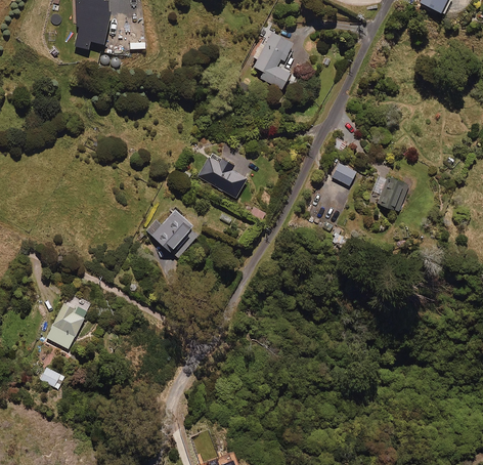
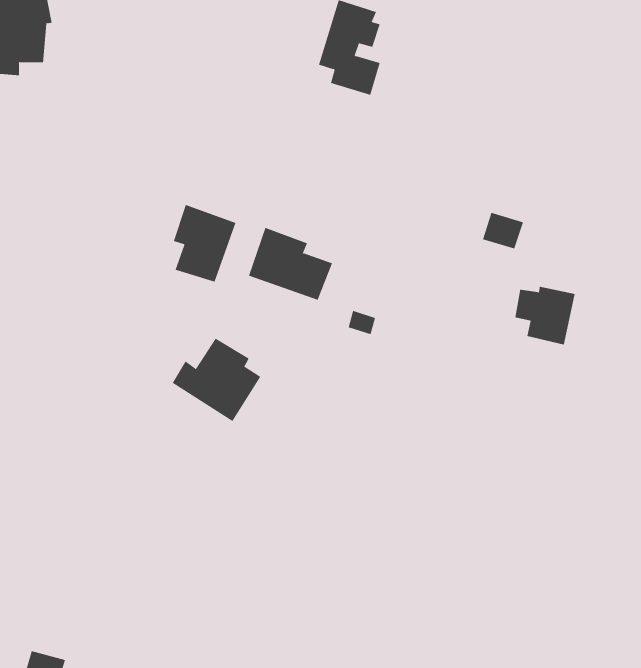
building: none -> [173,204,236,283]
building: [372,176,408,211] -> [514,286,575,345]
building: [46,303,85,348] -> none

